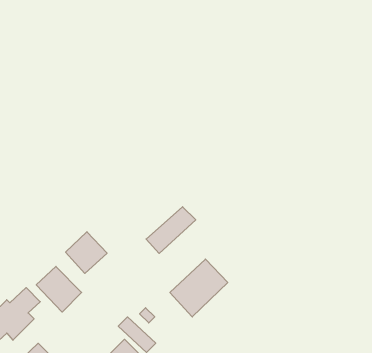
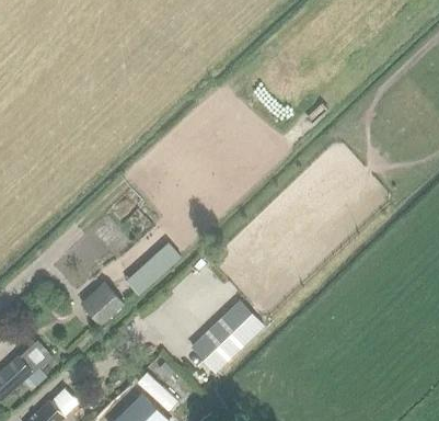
building: [146,207,196,253] -> [126,241,180,292]
building: [36,266,82,312] -> none

